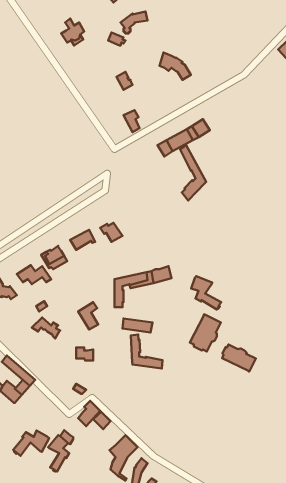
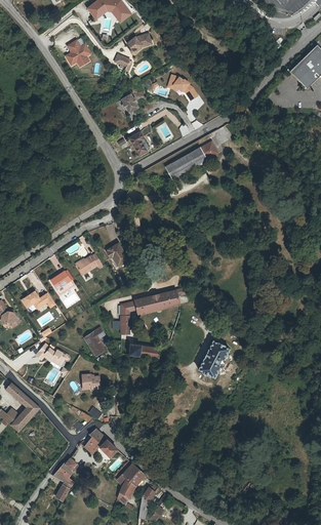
building: [180,145,206,201] -> none
building: [191,276,221,309] -> none
building: [131,335,162,369] -> none
building: [222,344,256,372] -> none
building: [13,430,49,456] -> none

